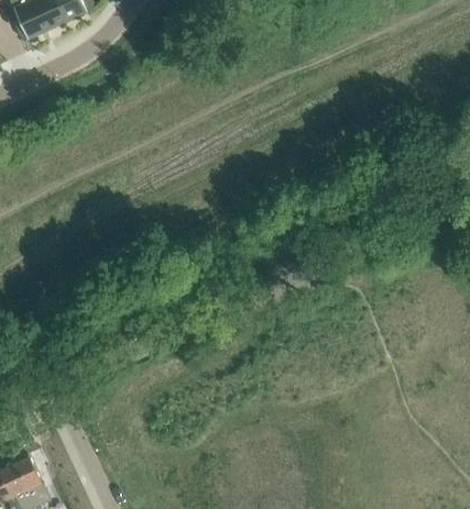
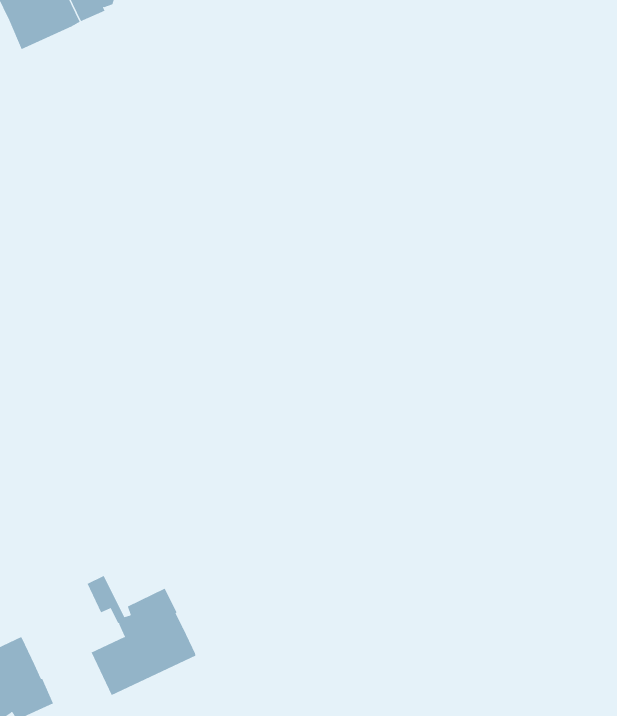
building: none -> [87,575,196,696]

